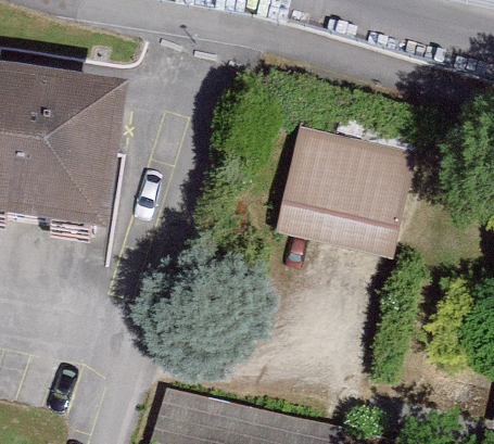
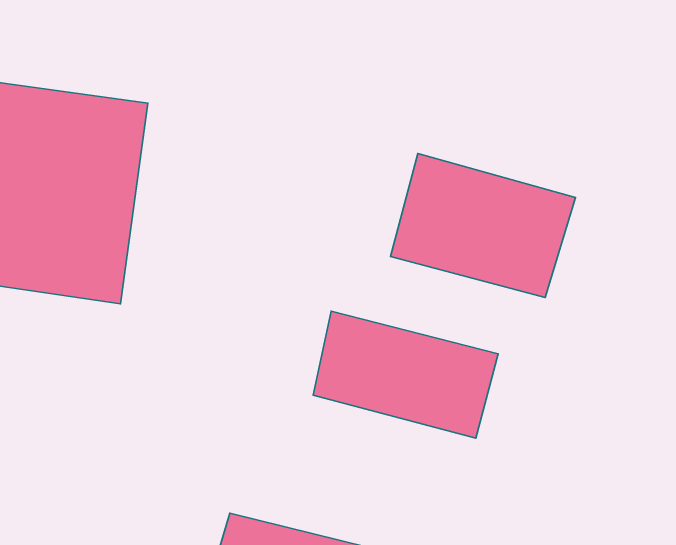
building: none -> [313,311,498,438]

